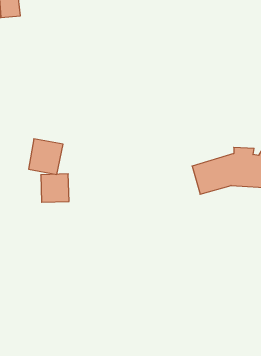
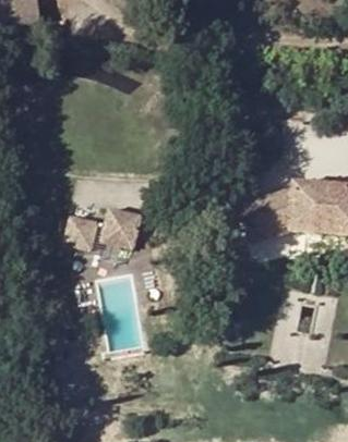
building: [29,139,63,174] -> [97,205,140,248]

